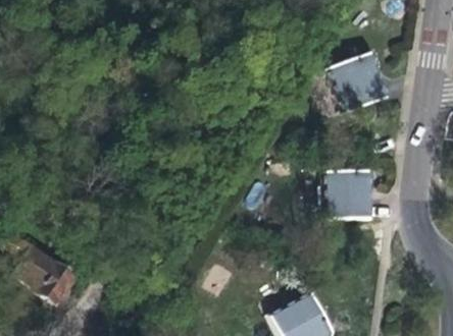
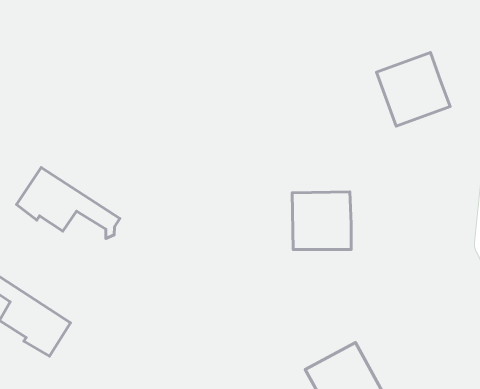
building: none -> [16,167,120,238]
building: [323,171,372,219] -> [292,192,351,250]

